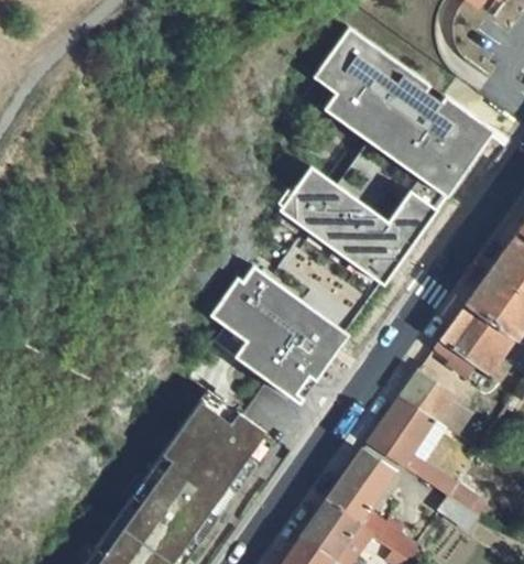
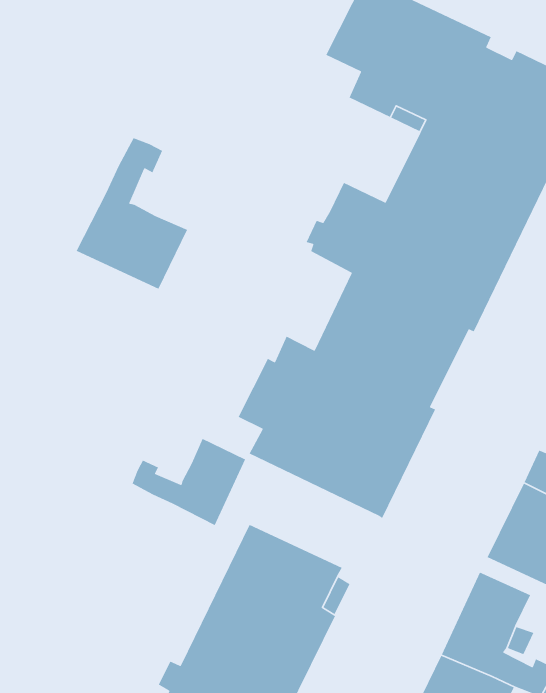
building: none -> [76,137,188,290]
building: none -> [132,438,246,526]

